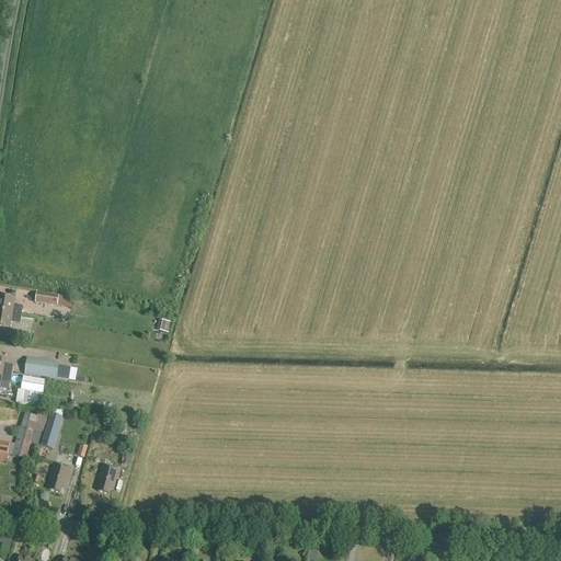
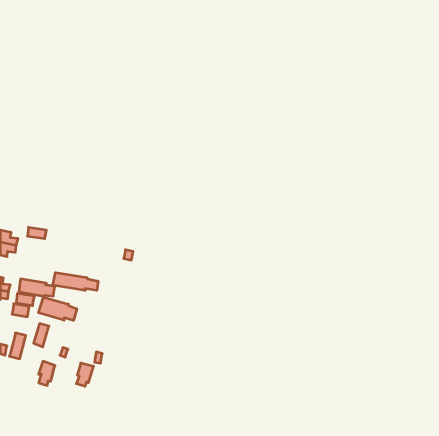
building: none -> [53,273,98,290]
building: none -> [39,297,77,320]

